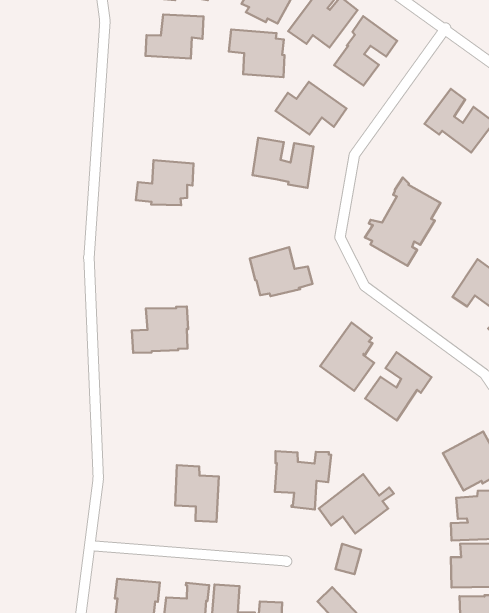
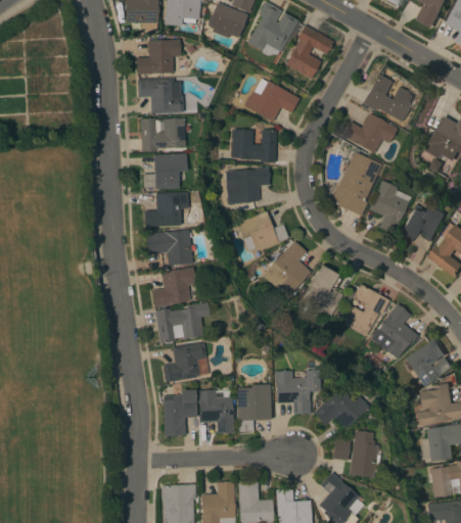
building: [229,30,285,77] -> [138,79,183,113]
building: none -> [140,118,185,152]
building: none -> [342,113,397,153]
building: none -> [227,168,270,204]
building: none -> [143,191,188,228]
building: none -> [368,181,410,234]
building: none -> [144,230,191,266]
building: none -> [263,240,311,296]
building: none -> [155,302,209,343]
building: none -> [371,304,418,360]
building: none -> [164,342,206,382]
building: none -> [163,389,197,436]
building: none -> [236,387,271,431]
building: none -> [348,431,379,478]

